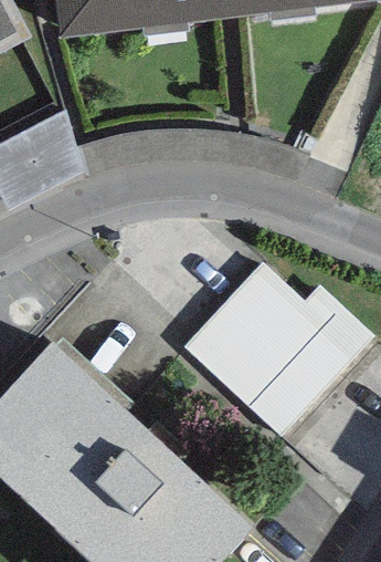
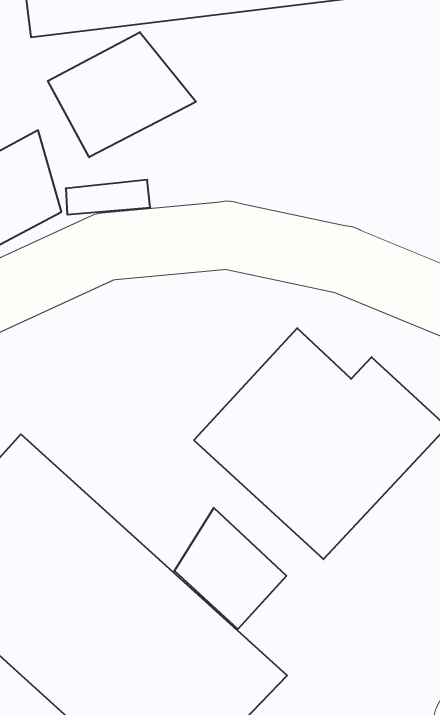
building: none -> [48,32,196,157]
building: none -> [174,508,286,629]

